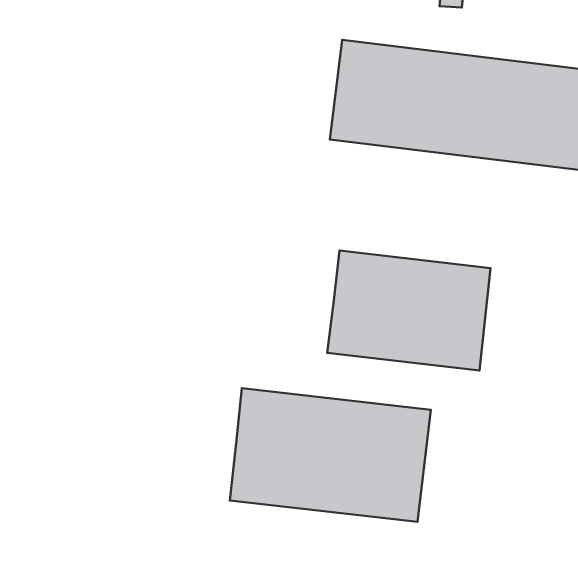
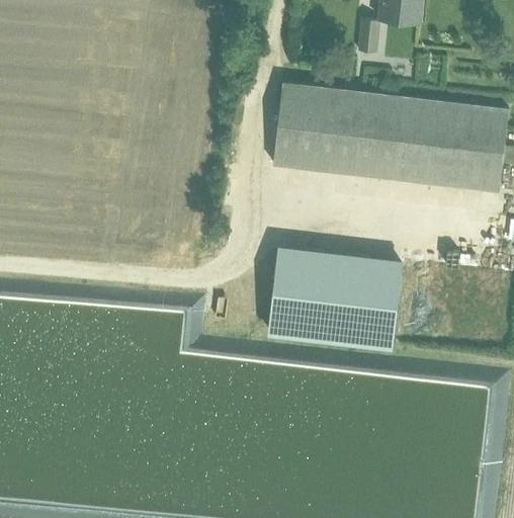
building: [230,388,431,522] -> none

